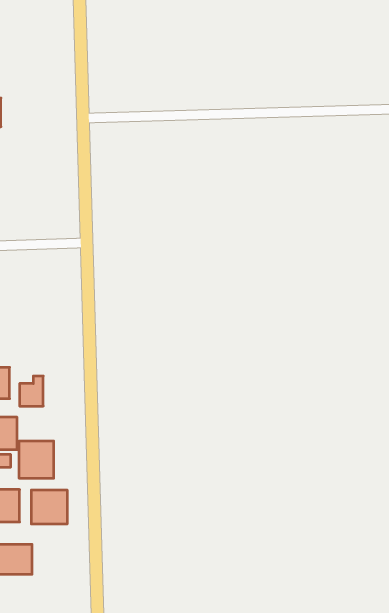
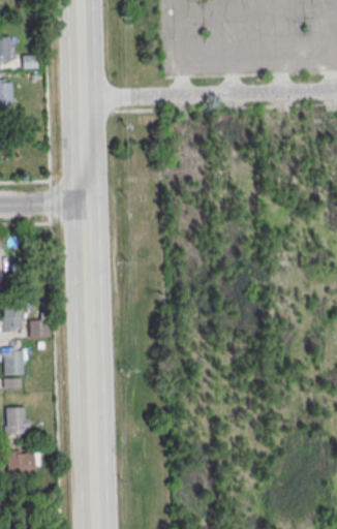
building: [19,441,54,478] -> none
building: [31,490,67,524] -> none

